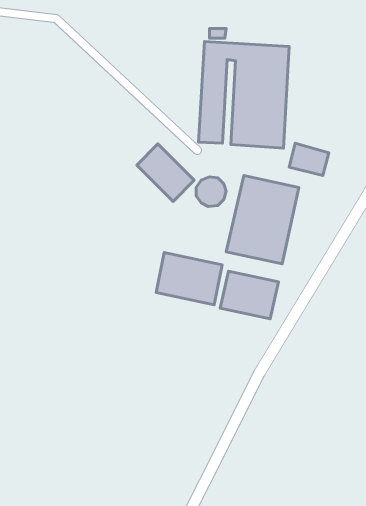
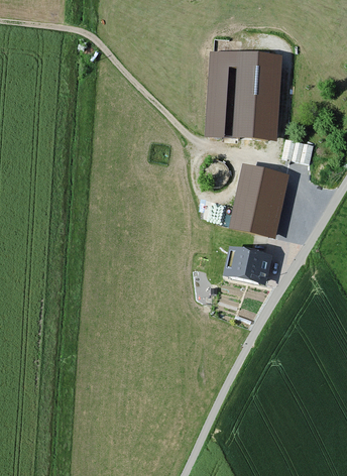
building: [137,144,194,202] -> none
building: [156,252,222,305] -> none

